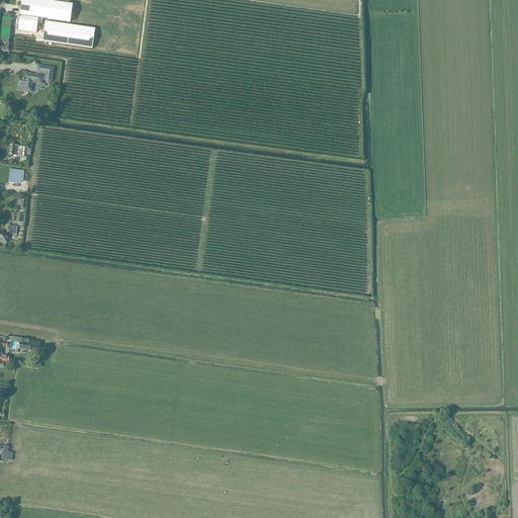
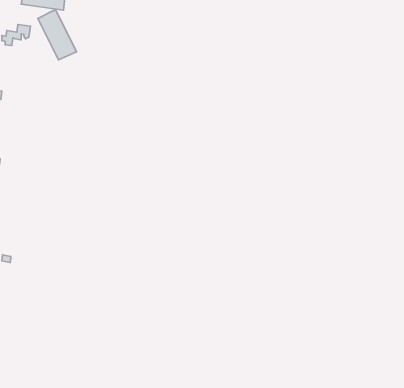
building: none -> [38,9,76,60]

